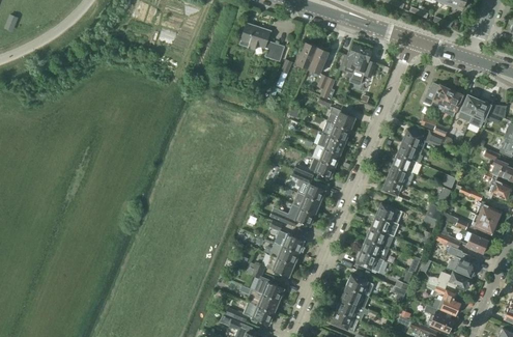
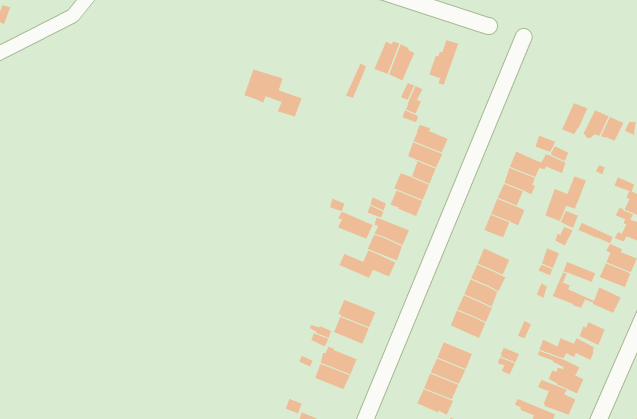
building: [238,24,284,61] -> [243,69,302,117]
building: [351,46,372,86] -> none
building: [425,84,451,112] -> none
building: none -> [545,175,587,222]
building: [269,221,304,253] -> [329,198,373,240]
building: [225,303,274,325] -> none

